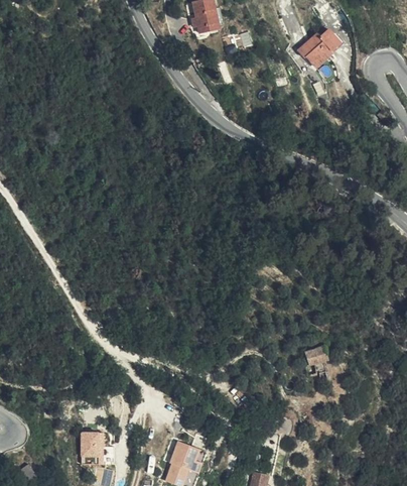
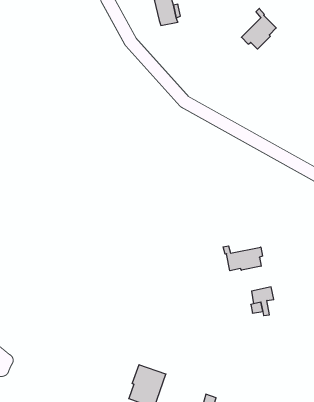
building: none -> [223,246,263,271]
building: [83,435,107,468] -> none

